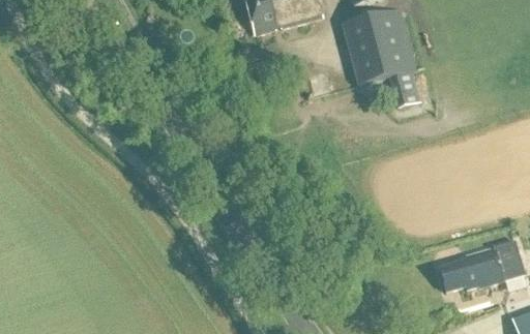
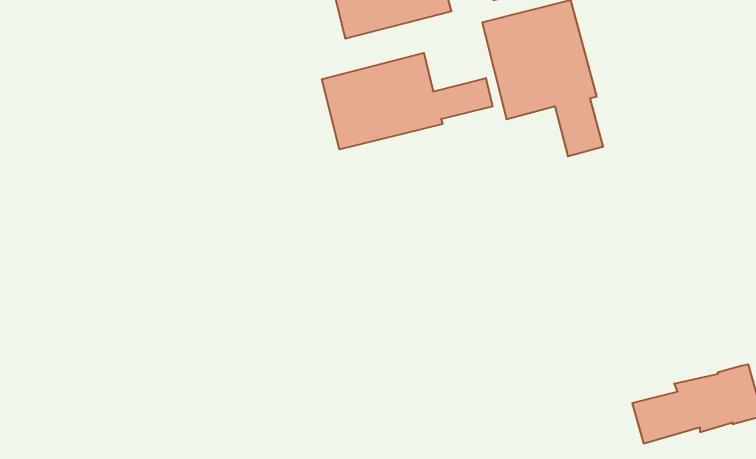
building: none -> [322,53,493,149]

